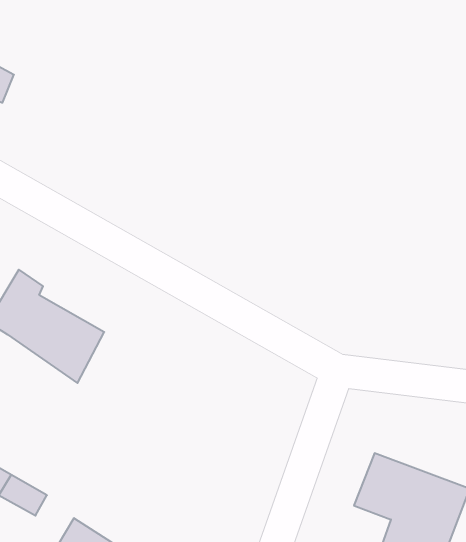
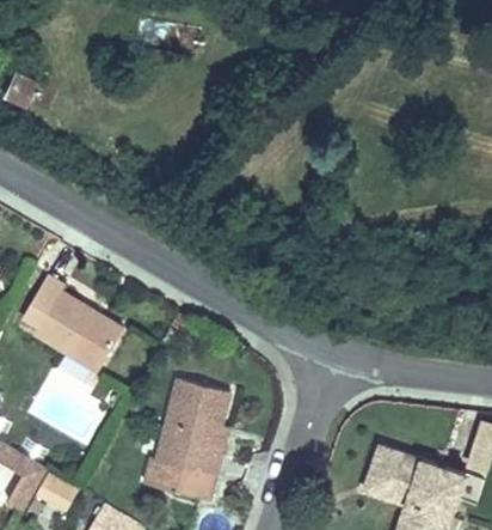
building: none -> [139,372,223,498]

